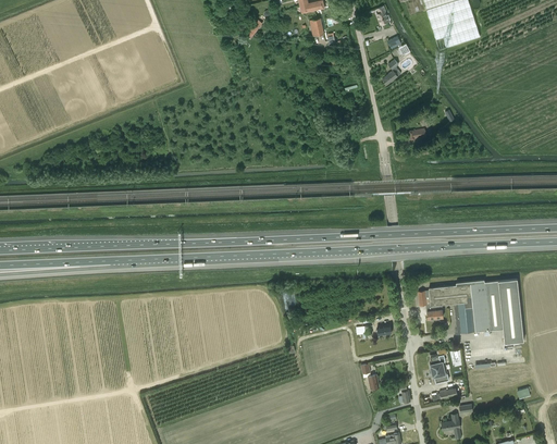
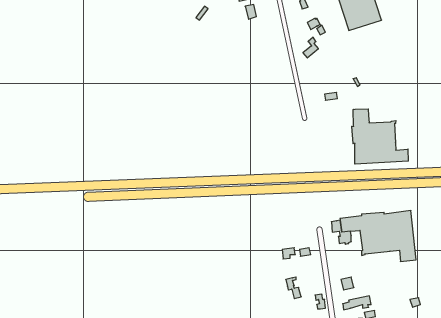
building: none -> [352,109,408,164]

